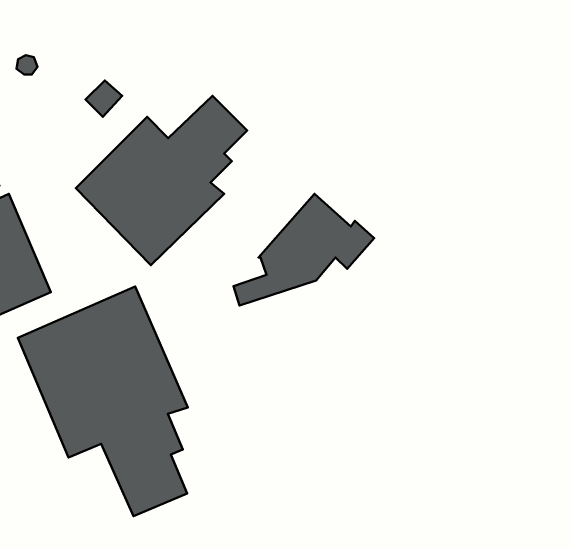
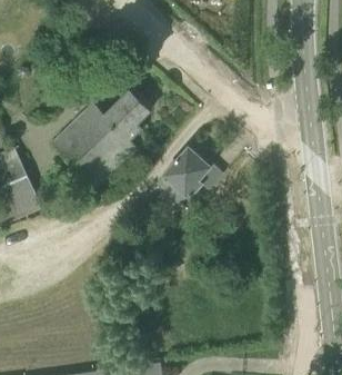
building: [18,286,188,516] -> none

